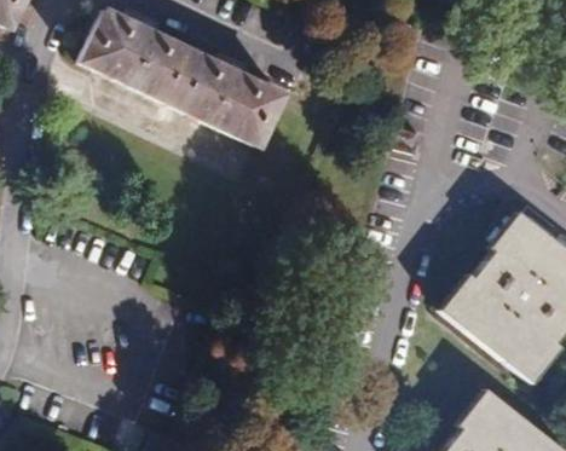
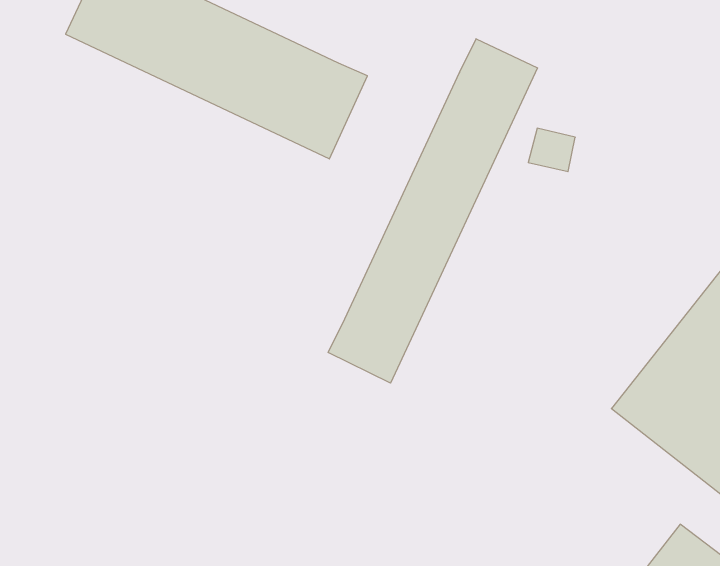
building: none -> [328,39,538,383]

